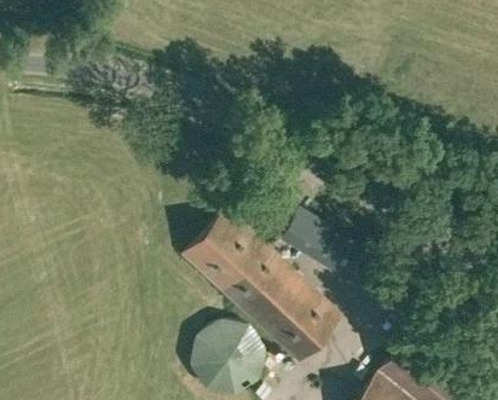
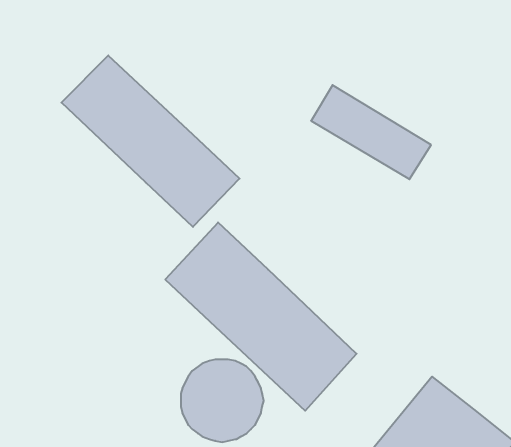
building: none -> [61,55,240,227]
building: [282,208,383,288] -> [311,85,431,179]

